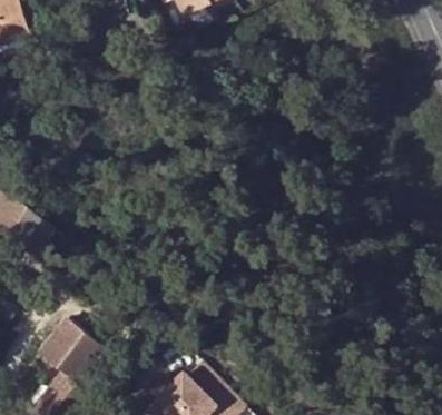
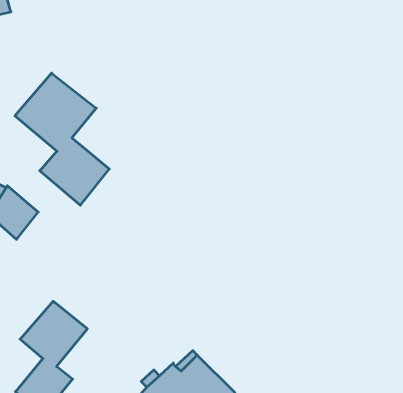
building: none -> [15,73,109,205]

